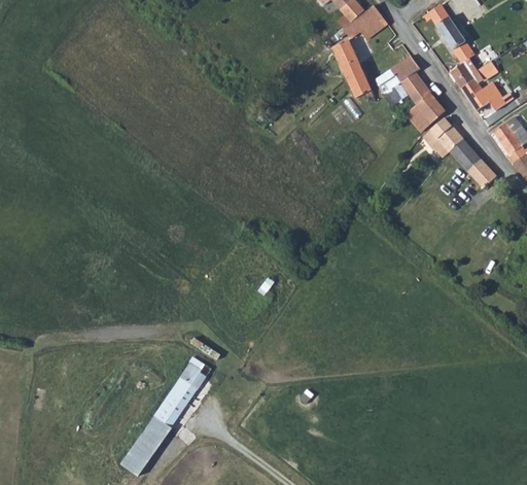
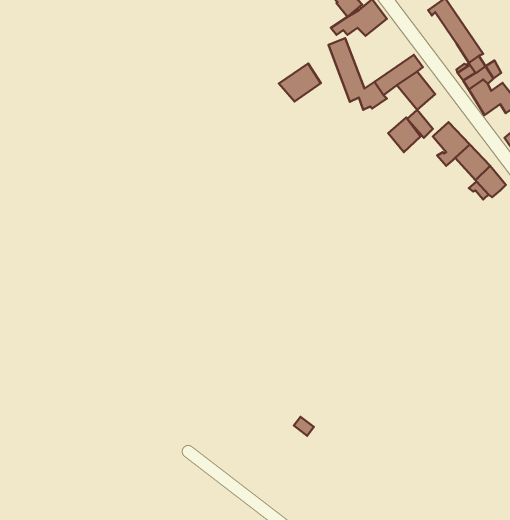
building: none -> [279,63,321,102]
building: [415,92,445,124] -> [388,117,421,152]
building: [120,356,205,467] -> none

